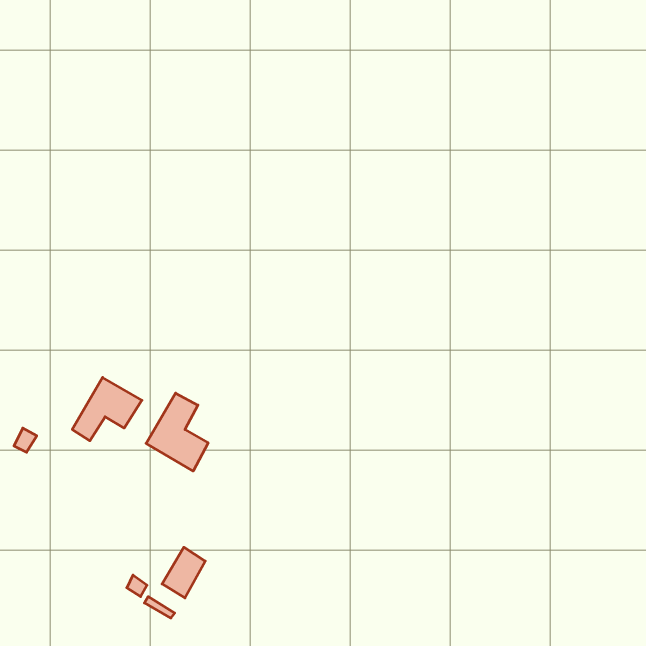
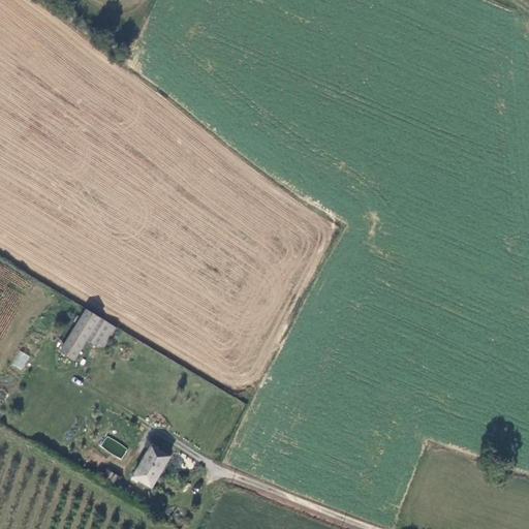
building: [146,393,208,471] -> none

